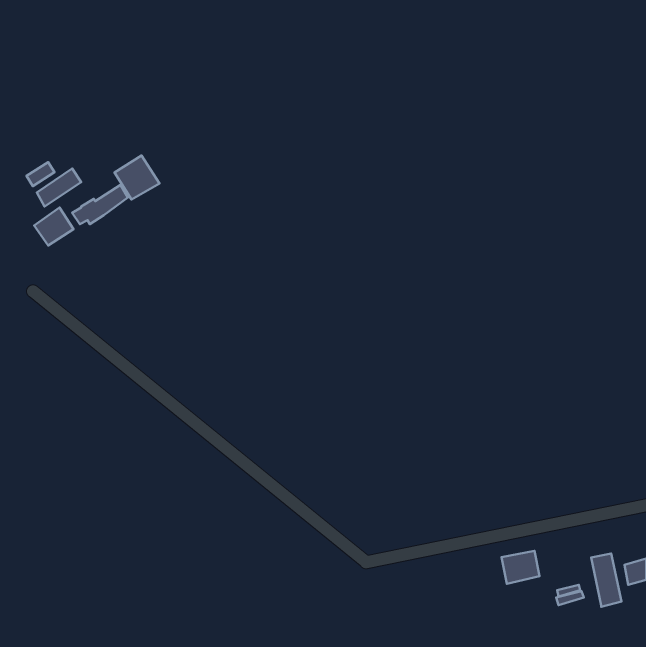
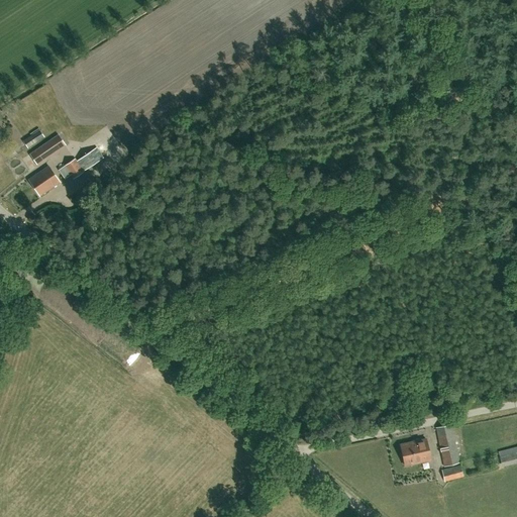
building: [115,155,159,200] -> none
building: [591,554,621,607] -> [435,424,459,467]

